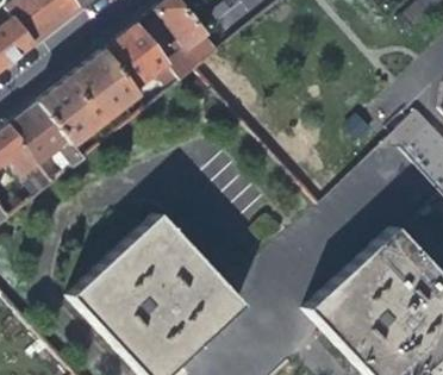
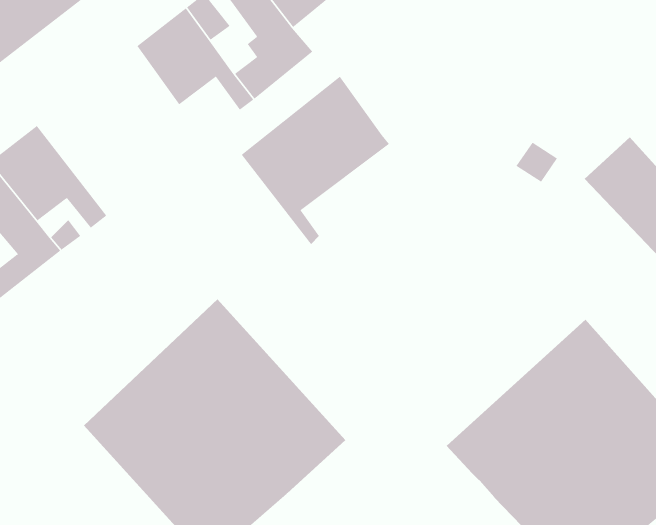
building: [39,49,136,158] -> [241,76,390,245]

